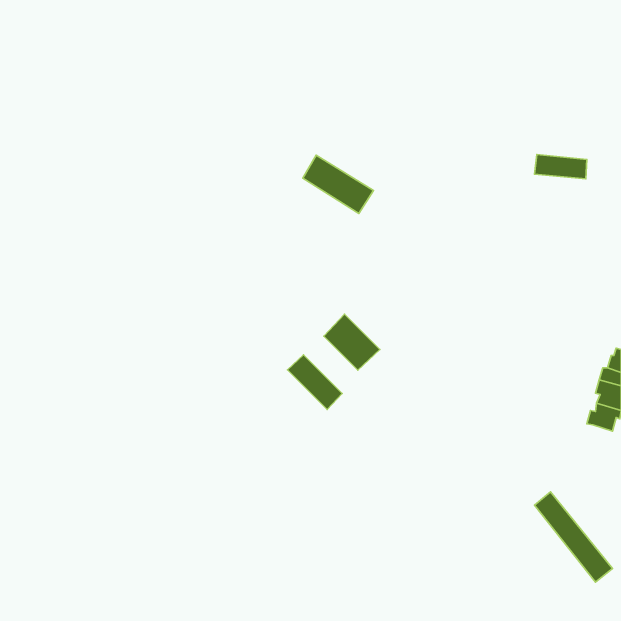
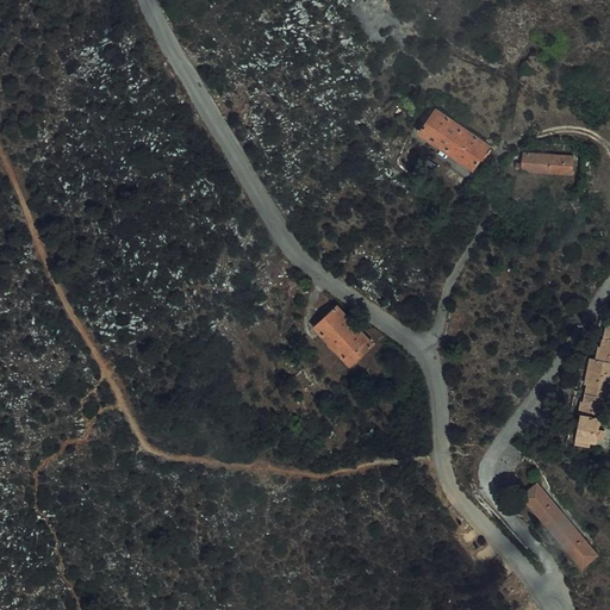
building: [303,155,373,214] -> [419,114,488,172]
building: [287,355,342,409] -> none
building: none -> [572,417,599,447]

